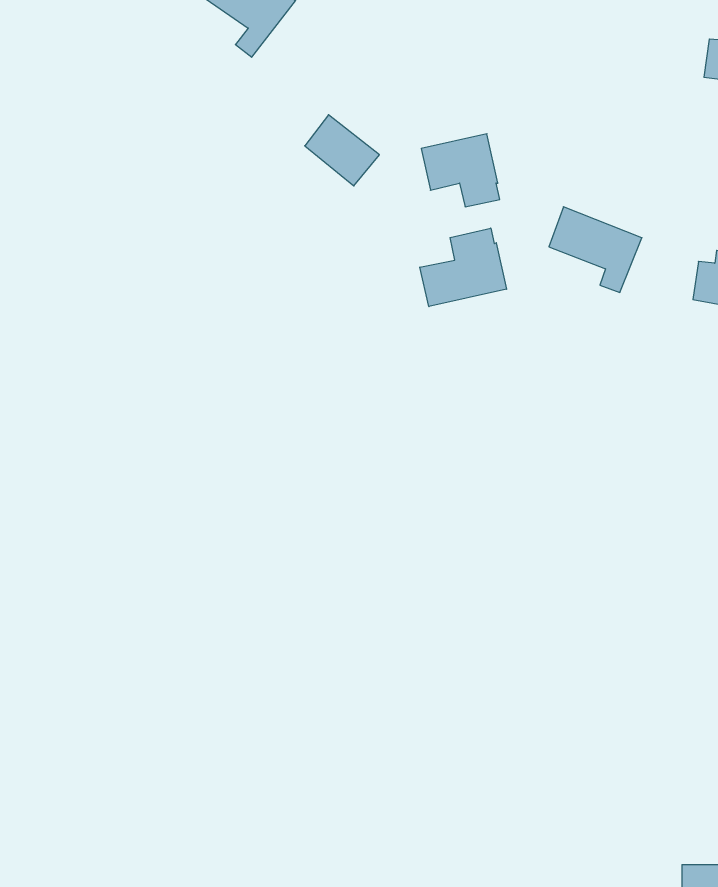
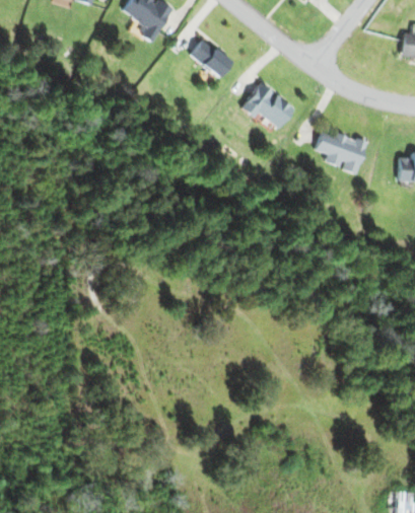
building: [305,115,379,186] -> [191,39,232,78]
building: [420,228,507,307] -> none

